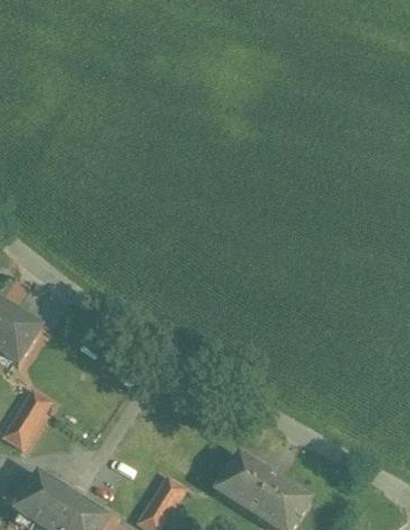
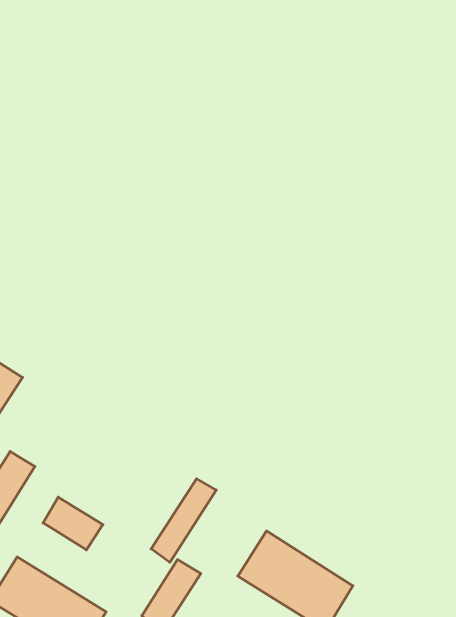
building: none -> [151,479,216,562]
building: none -> [43,497,103,550]

